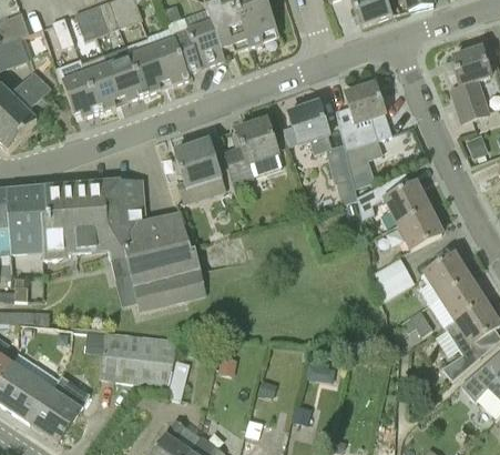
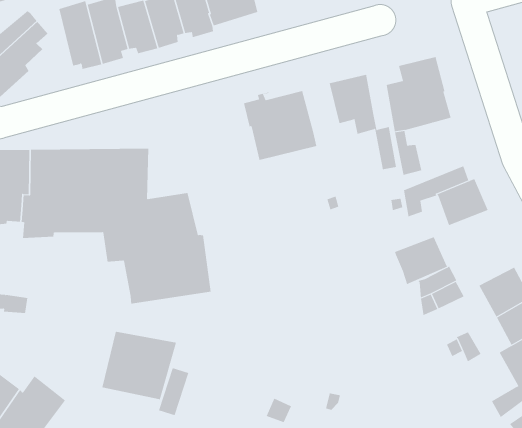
building: [172,135,224,203] -> none
building: [396,208,441,250] -> [394,236,448,285]
building: [99,330,125,380] -> none

